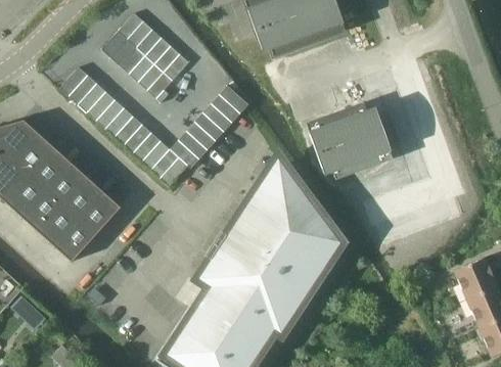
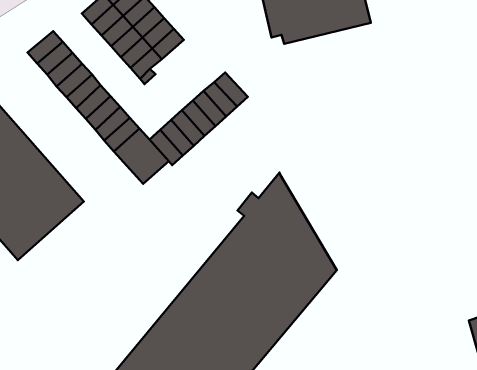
building: [307,102,394,180] -> none

